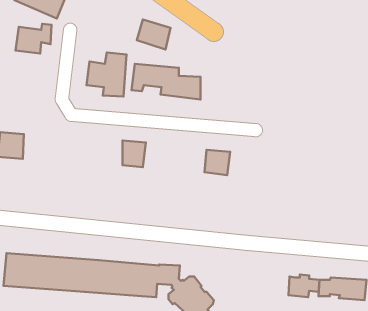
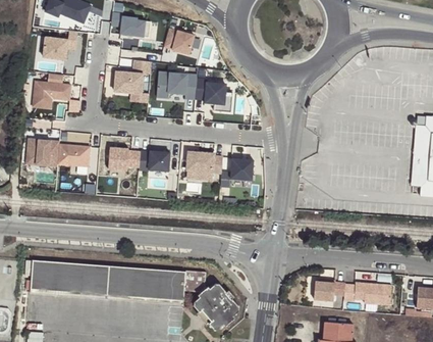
building: none -> [119,14,153,40]
building: none -> [32,79,70,109]
building: none -> [56,144,92,169]
building: none -> [108,146,143,175]
building: none -> [185,151,218,181]

